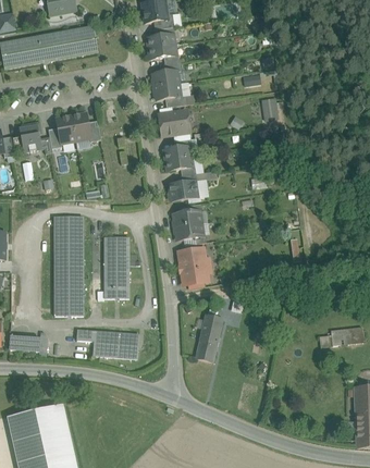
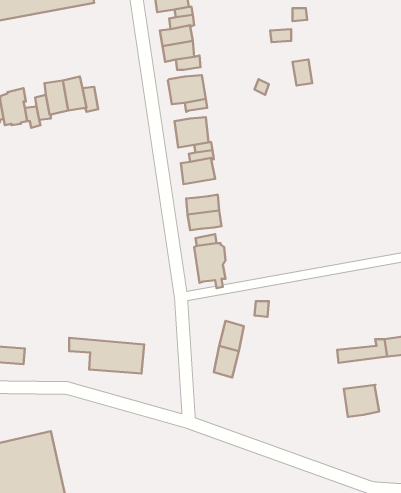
building: [53,215,83,315] -> none
building: [103,236,139,297] -> none
building: none -> [344,385,379,417]

